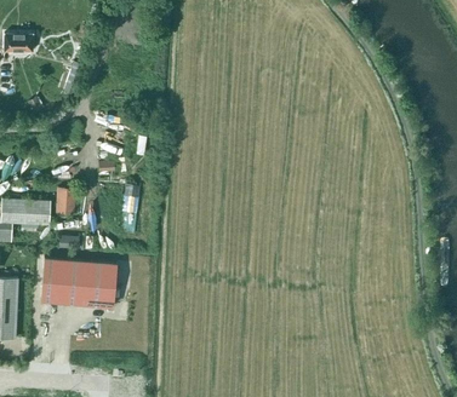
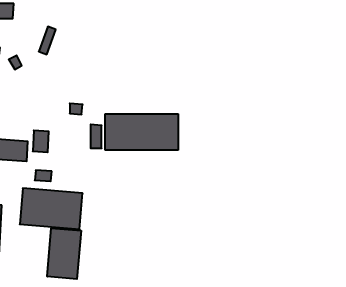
building: none -> [105,114,178,150]
building: none -> [47,228,81,279]

